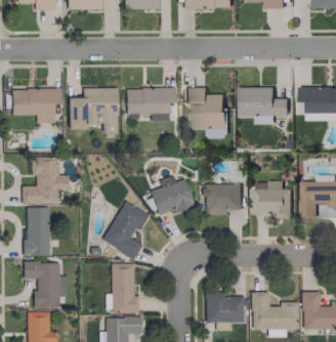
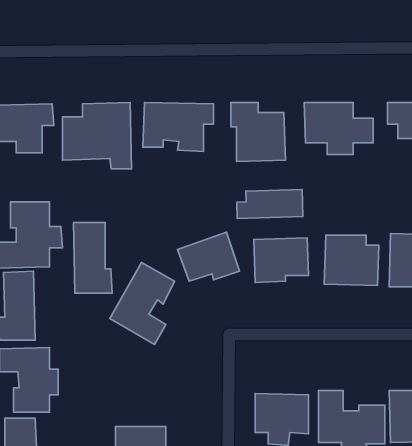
building: none -> [237,189,303,219]
building: [112,263,139,313] -> [73,223,112,293]

